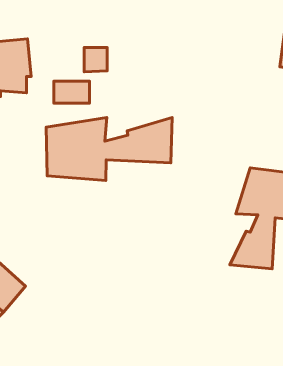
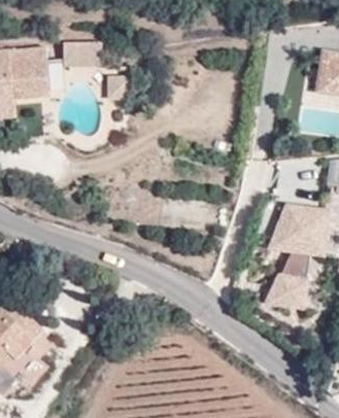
building: [54,81,89,103] -> [60,45,98,69]
building: [46,118,172,180] -> none

